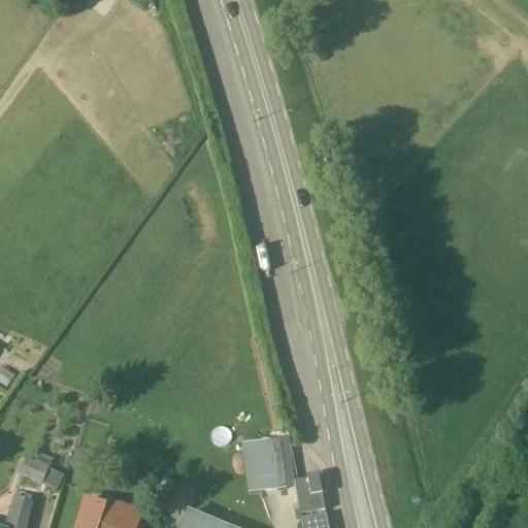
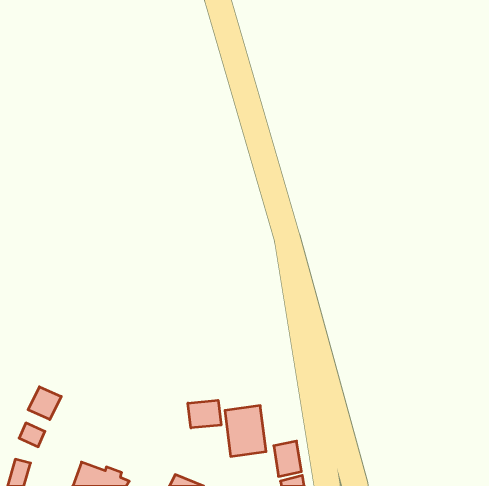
building: none -> [28,387,61,420]
building: none -> [188,400,221,428]

